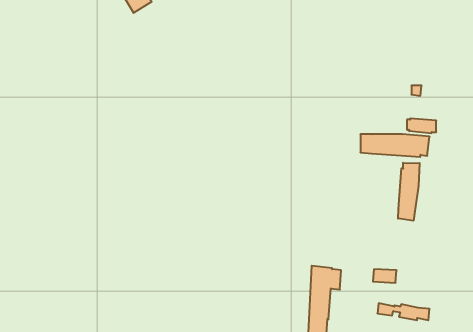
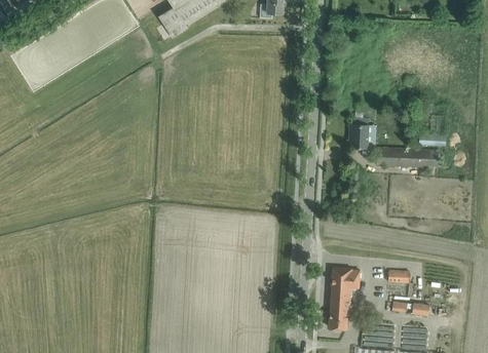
building: none -> [348,118,367,148]
building: [398,163,420,221] -> none

